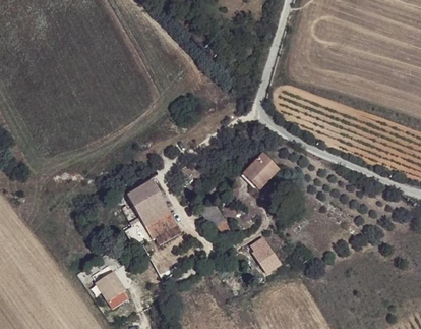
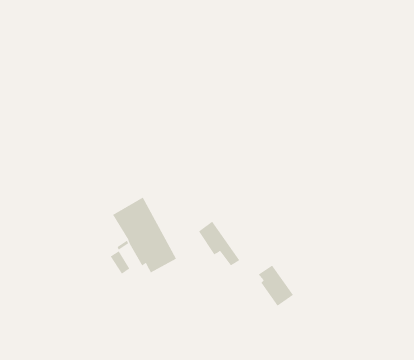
building: [243,153,279,189] -> none
building: [96,270,128,308] -> none

